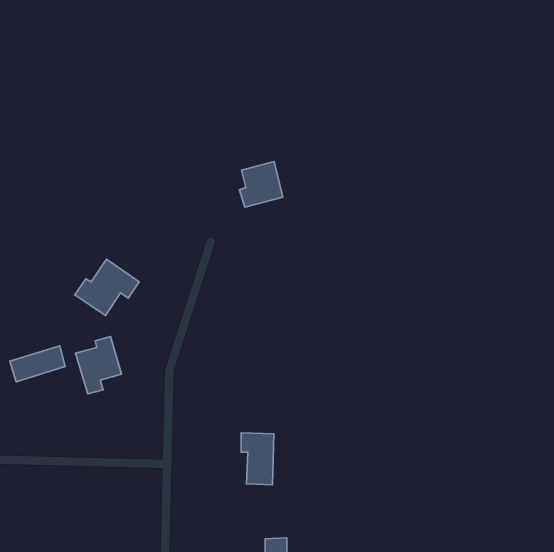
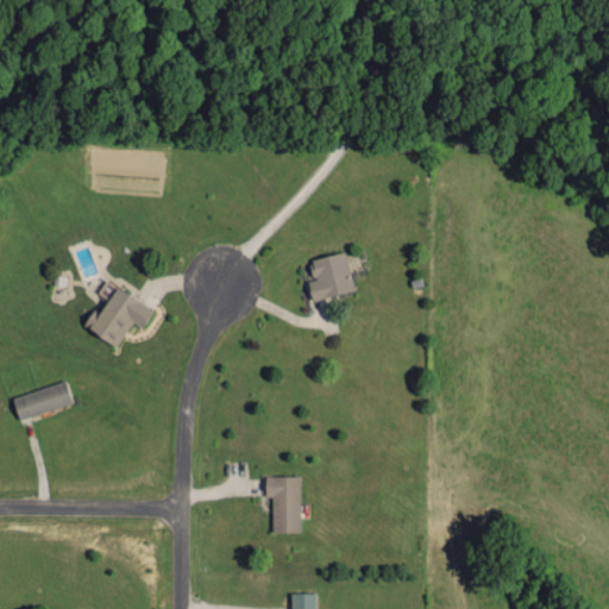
building: [239,161,283,207] -> [307,252,354,302]
building: [75,337,122,394] -> none

